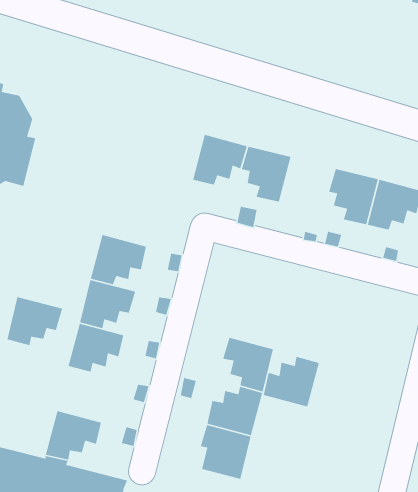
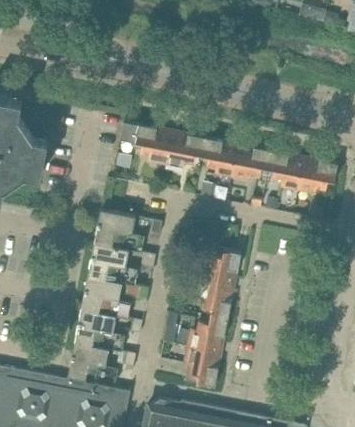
building: none -> [120,122,173,166]
building: none -> [232,144,272,183]
building: [6,296,63,352] -> [75,310,116,350]
building: [263,356,320,408] -> [200,250,241,288]

